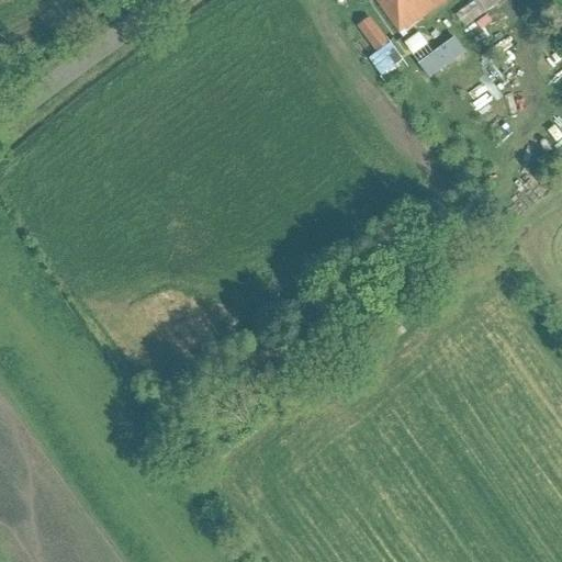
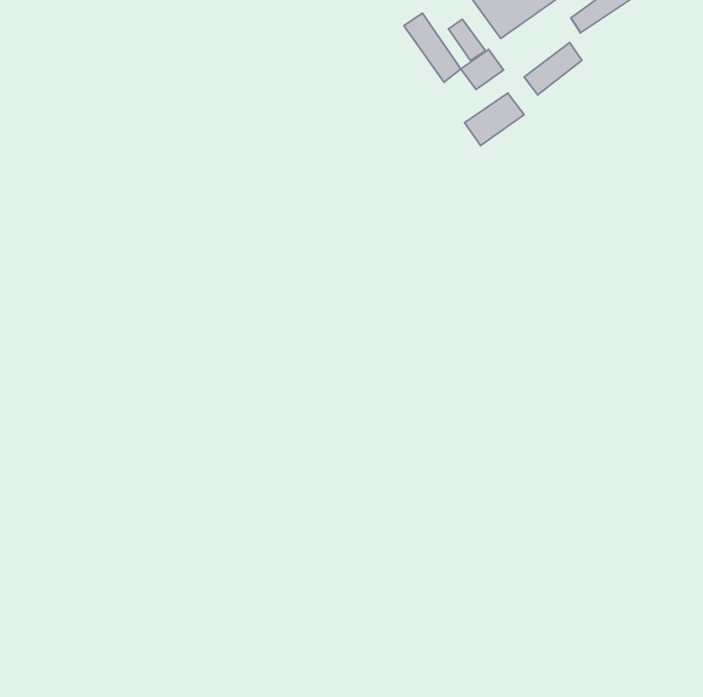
building: none -> [404,13,461,82]
building: none -> [465,93,524,146]

